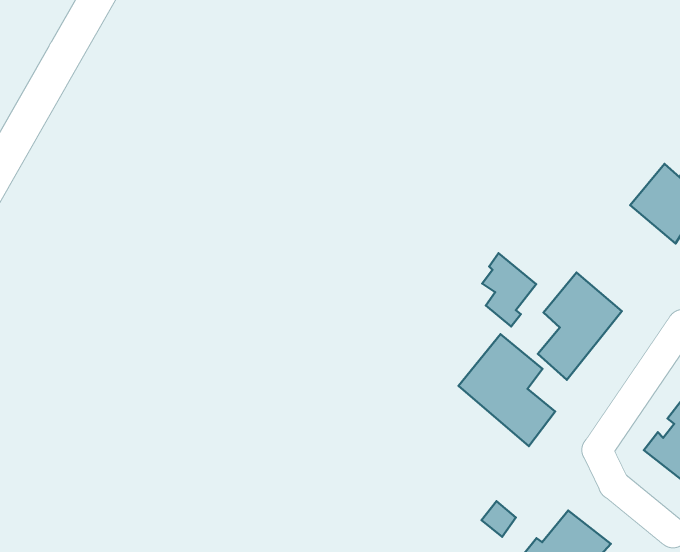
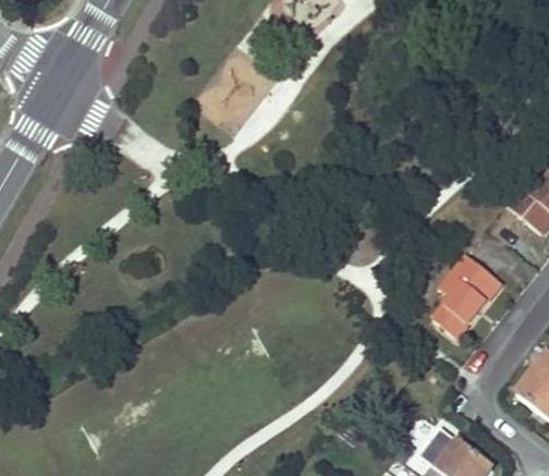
building: [482,253,536,327] -> none
building: [459,334,555,446] -> none

